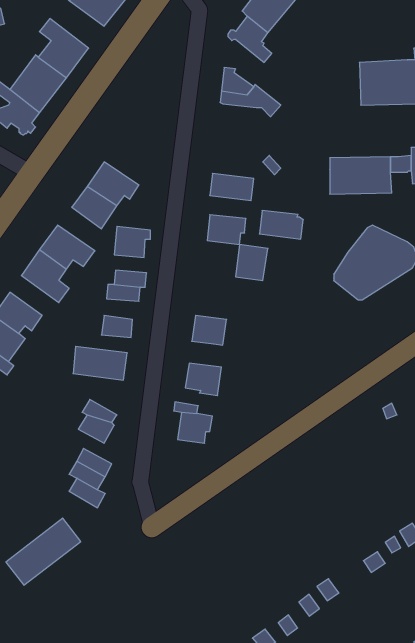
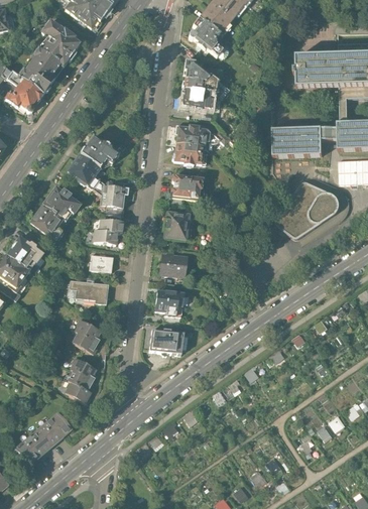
building: none -> [185,87,215,116]
building: [259,211,303,239] -> [178,123,213,145]
building: [236,244,268,281] -> [166,210,192,238]

